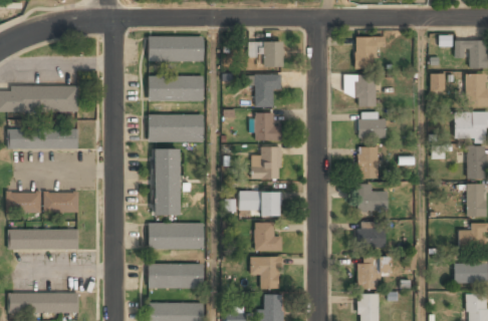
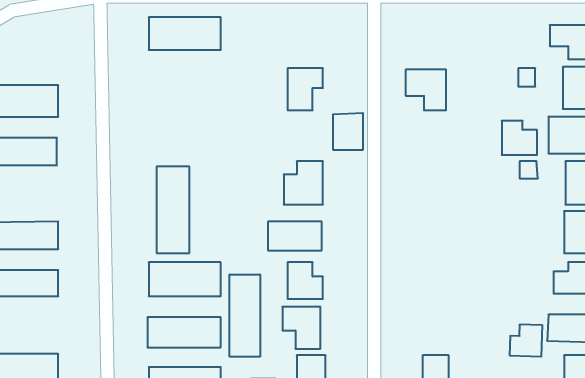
building: [355,37,385,69] -> none
building: [249,41,284,67] -> none
building: [149,75,204,100] -> none
building: [254,111,277,139] -> [333,113,363,150]
building: [359,112,387,138] -> [502,121,537,155]
building: [149,114,205,142] -> none
building: [358,147,379,179] -> none
building: [357,184,388,210] -> none
building: [358,223,387,247] -> none
building: none -> [230,274,260,357]
building: [357,258,390,289] -> none
building: none -> [510,324,542,357]

